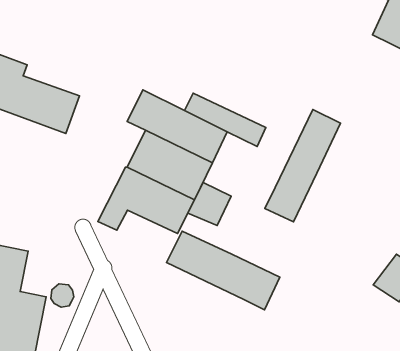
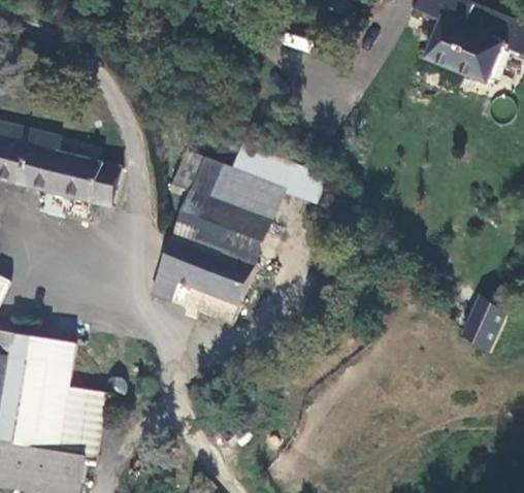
building: [265,110,340,222] -> none
building: [188,183,231,225] -> none
building: [167,231,280,310] -> none

